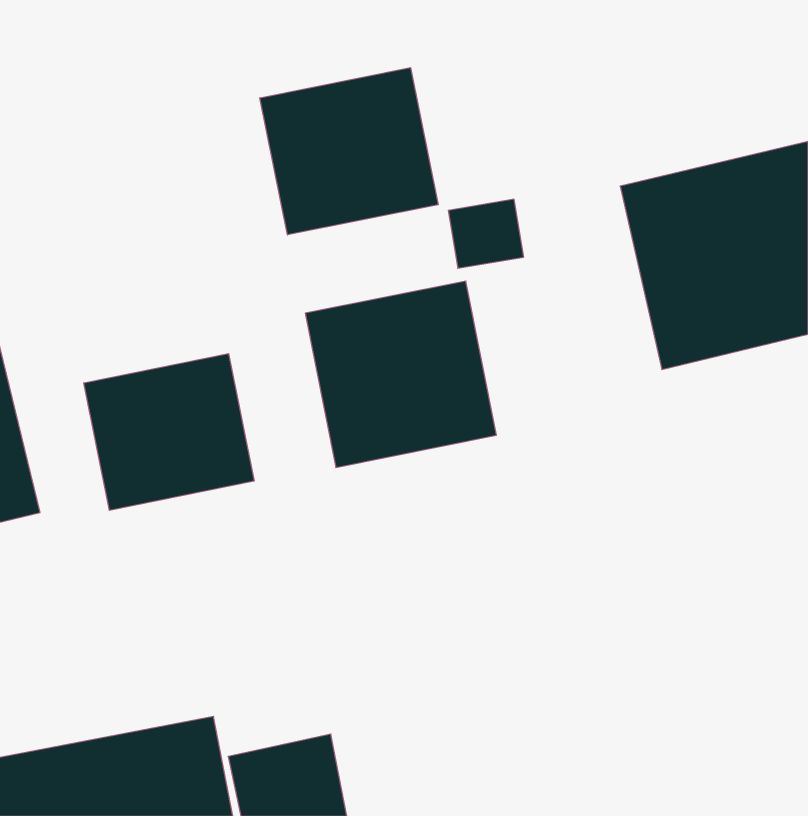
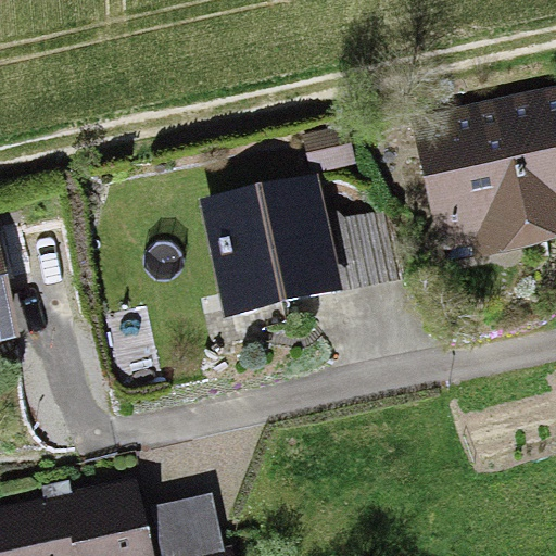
building: [260,68,438,235] -> none
building: [84,354,254,510] -> none

